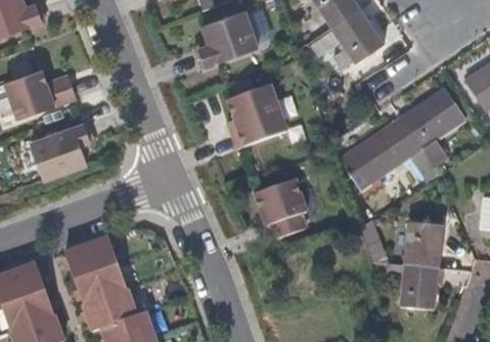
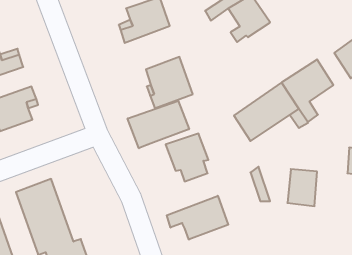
building: none -> [128,101,189,148]
building: none -> [167,196,228,240]
building: [386,266,438,312] -> none

